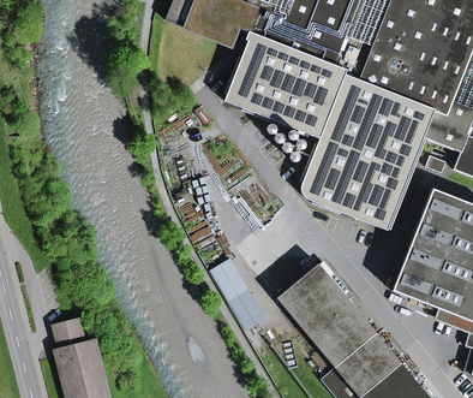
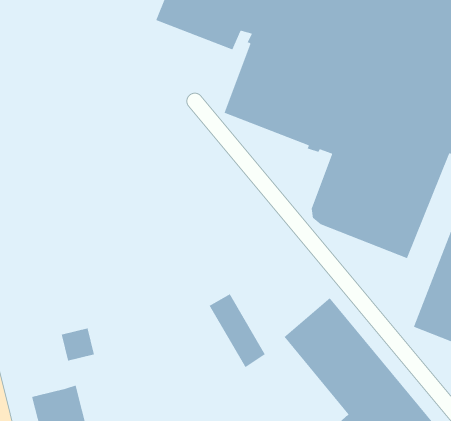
building: [55,320,85,350] -> [61,327,95,362]

